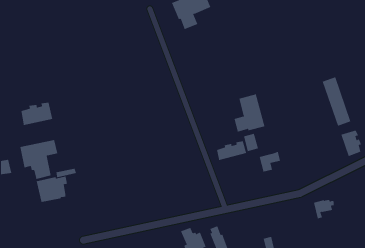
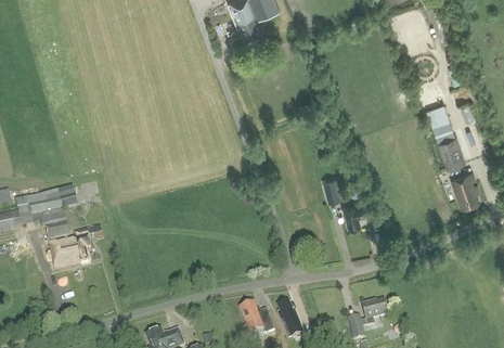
building: [234,93,265,133] -> none
building: [21,102,53,126] -> none
building: [216,140,247,161] -> none
building: [313,199,334,219] -> [361,298,389,324]

